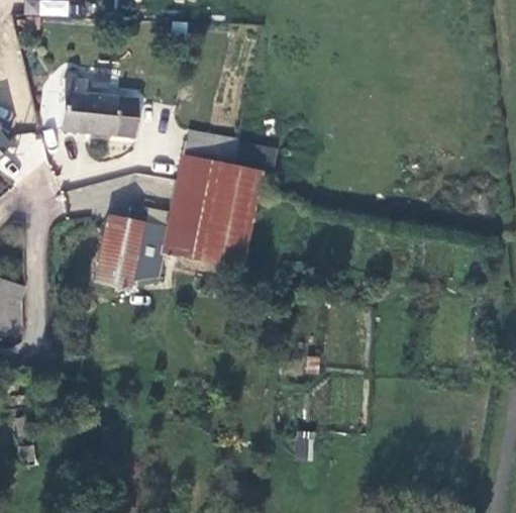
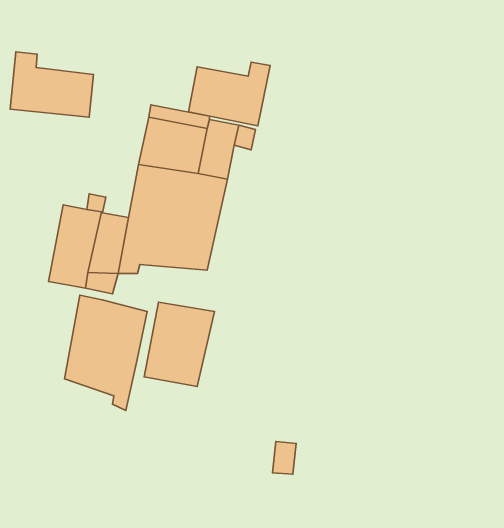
building: none -> [189,62,270,126]
building: none -> [65,295,147,410]
building: none -> [144,302,214,386]

